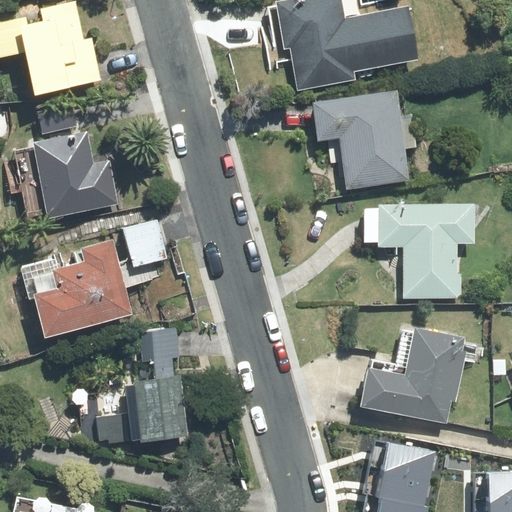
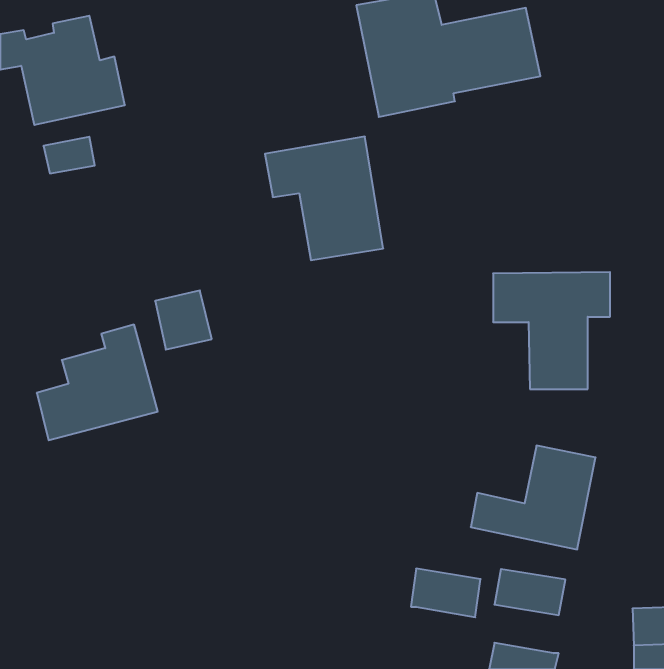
building: [315,94,405,188] -> [265,137,383,260]
building: [37,140,115,217] -> none
building: [102,330,186,444] -> none
building: [378,460,431,497] -> [411,569,481,617]

